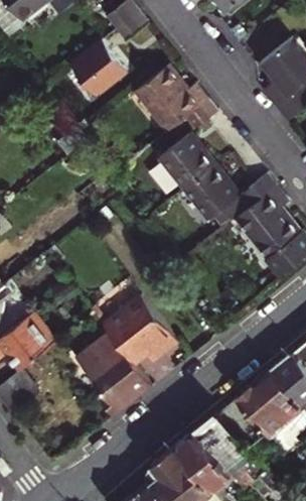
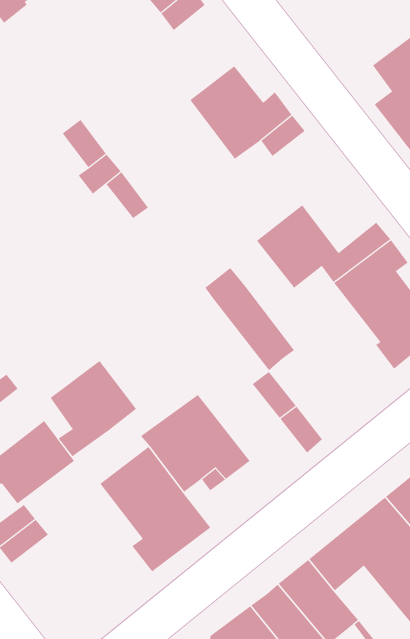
building: [70,41,127,98] -> none
building: [159,134,214,189] -> none
building: none -> [205,267,295,371]
building: none -> [50,360,137,457]

